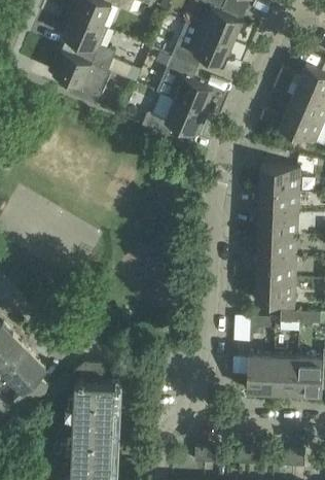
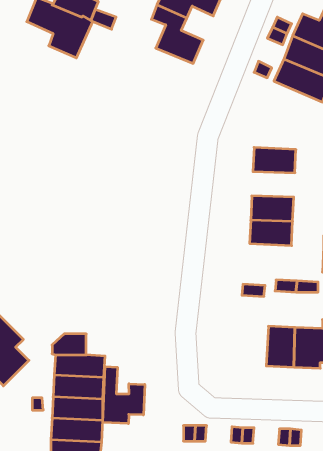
building: [142,96,208,136] -> none
building: [260,166,300,191] -> none
building: [258,211,298,235] -> none
building: [255,278,295,303] -> none
building: [247,354,274,392] -> none
building: none -> [103,367,145,424]

